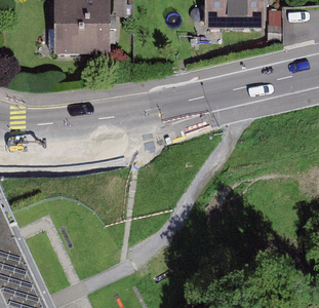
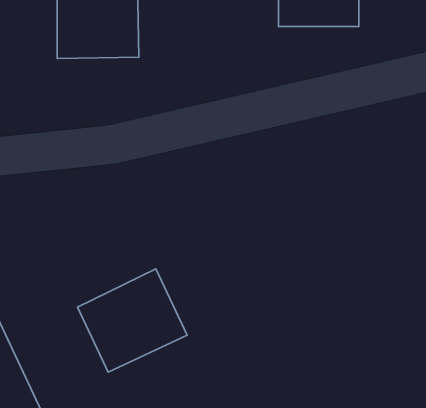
building: none -> [78,269,187,372]

